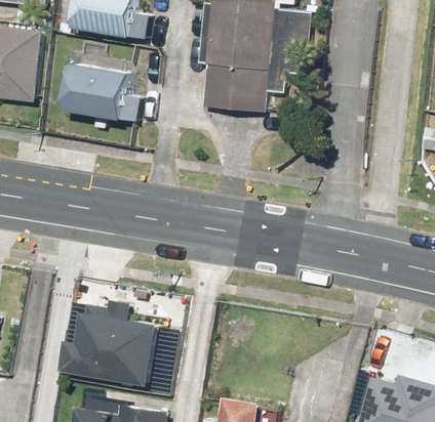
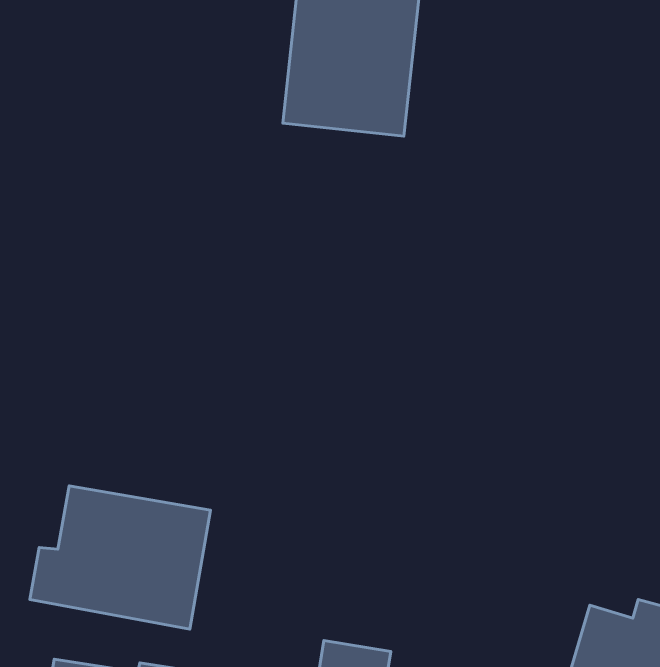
building: [64,66,128,122] -> none

